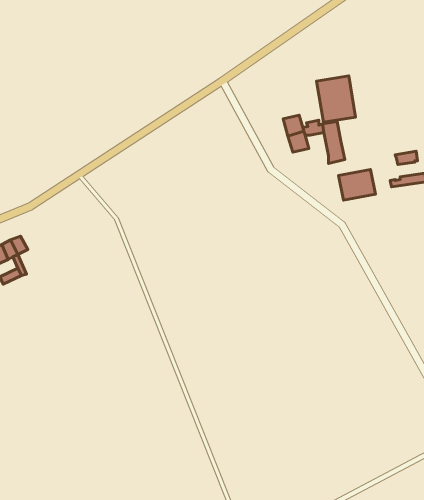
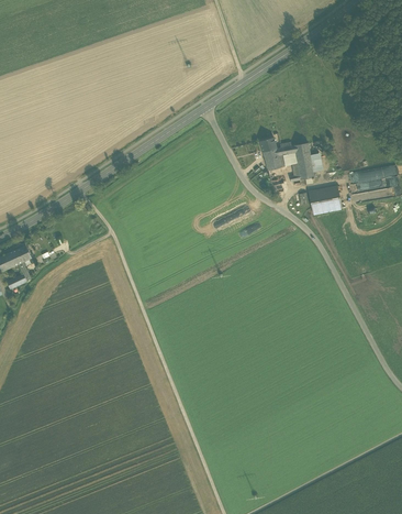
building: [317,76,356,122] -> none

